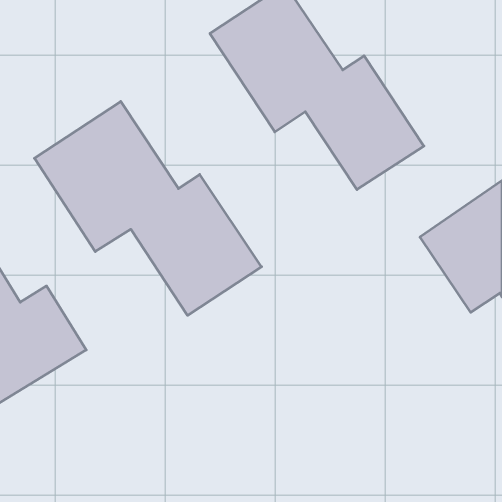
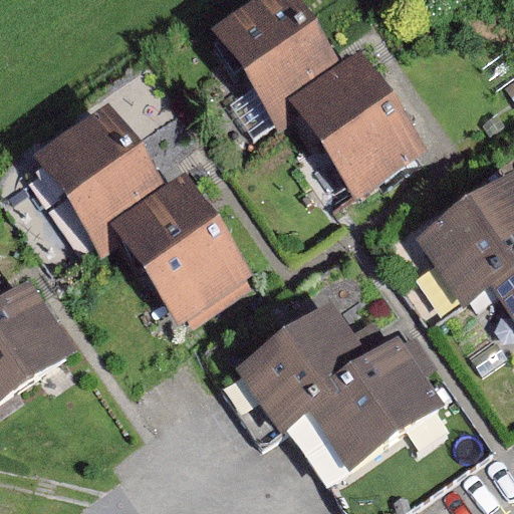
building: none -> [242,304,452,462]

